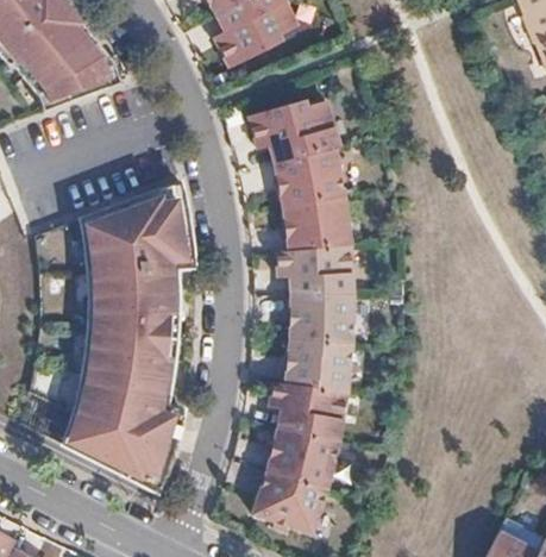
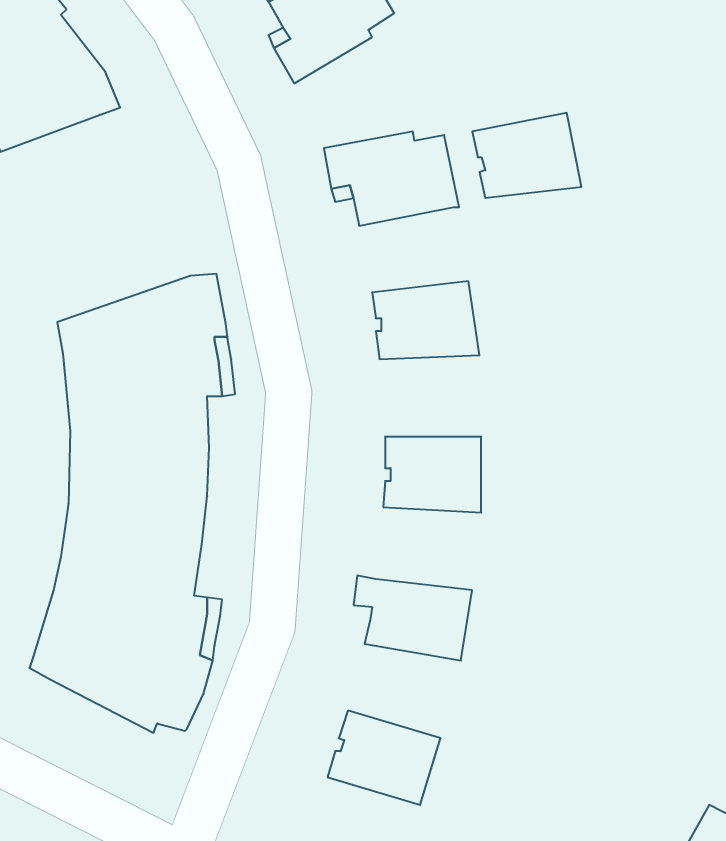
building: [274,145,344,200] -> [472,113,581,198]
building: [275,240,352,293] -> none
building: [284,338,352,392] -> none
building: [266,426,339,487] -> none

